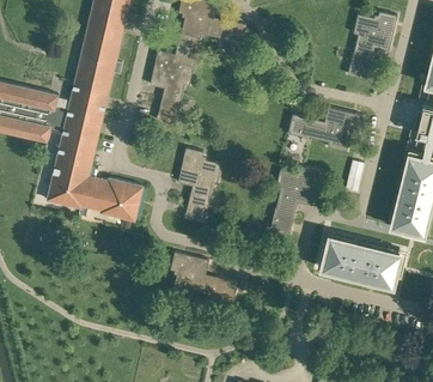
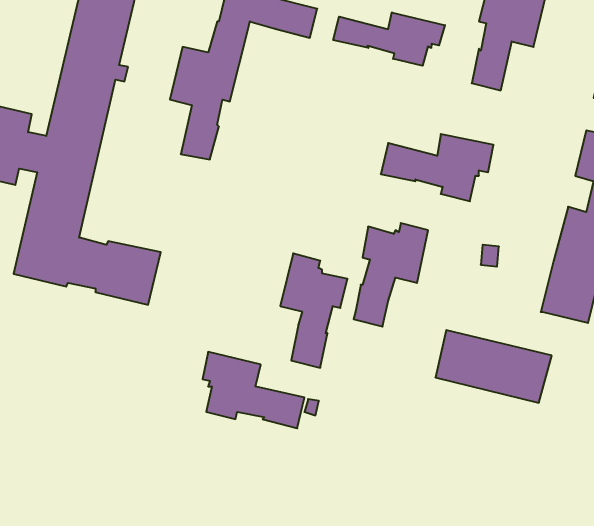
building: none -> [333,12,445,66]
building: [177,147,221,223] -> [280,253,348,368]

